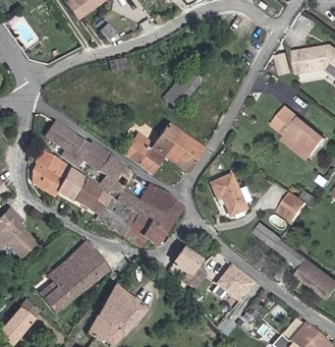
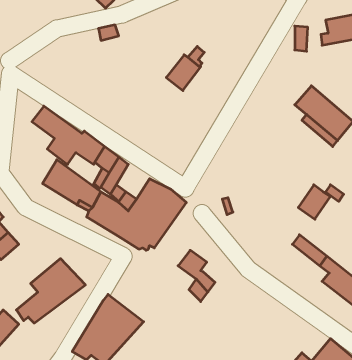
building: [123,125,206,175] -> none
building: [34,154,69,194] -> none
building: [210,176,243,217] -> none
building: [72,239,107,276] -> none
building: [209,265,249,304] -> none

